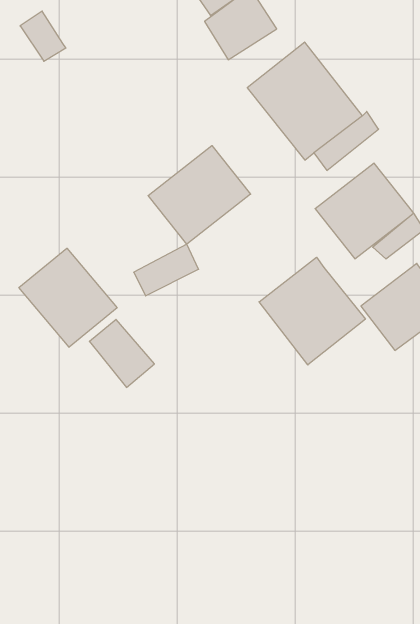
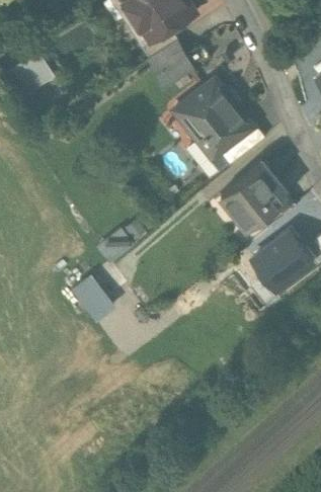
building: [148,146,251,244] -> none
building: [19,248,117,347] -> none
building: [259,257,365,365] -> none

